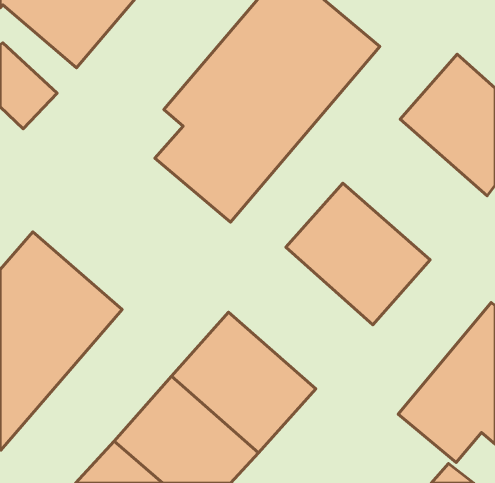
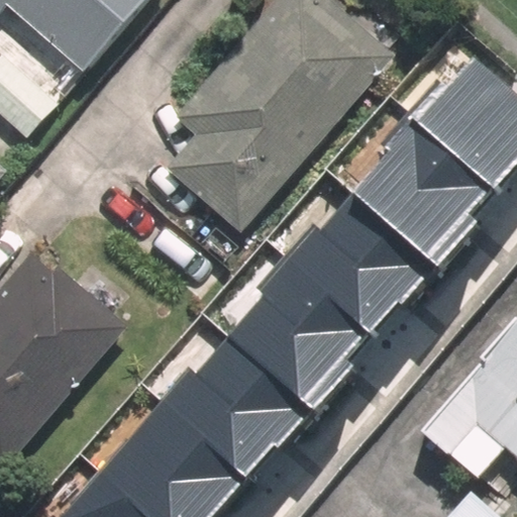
building: none -> [357,124,508,271]
building: none -> [238,257,389,405]

